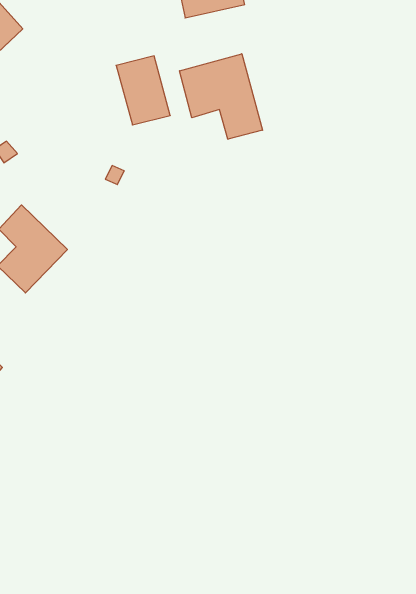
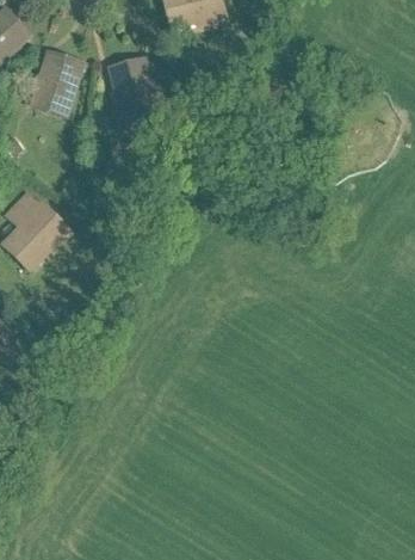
building: none -> [31,51,80,113]
building: [180,54,263,139] -> none

